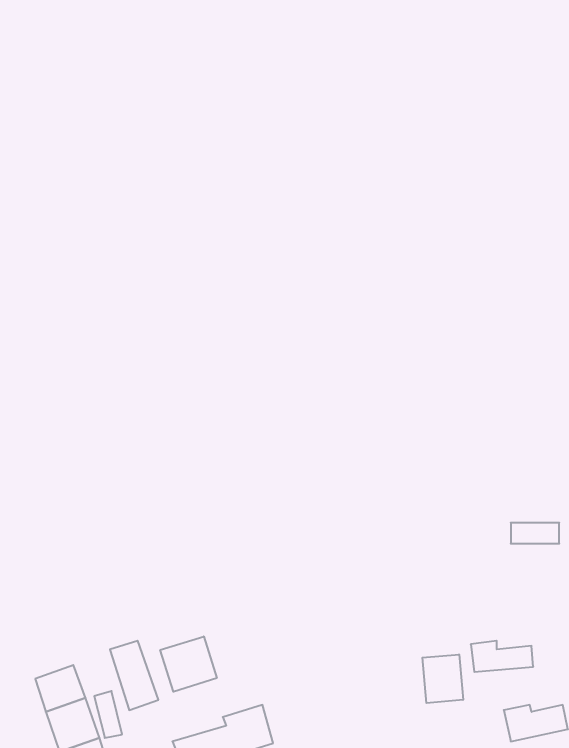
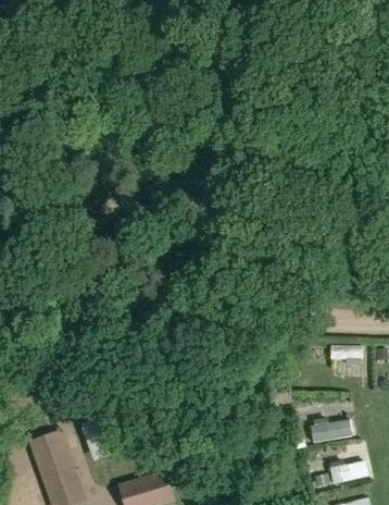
building: [160,636,217,692] -> none
building: [422,654,463,703] -> none

